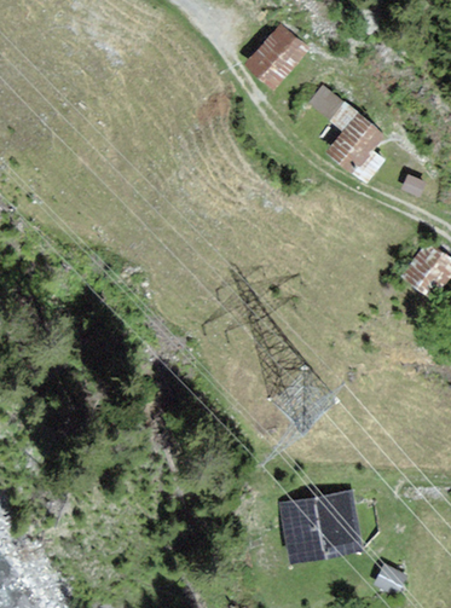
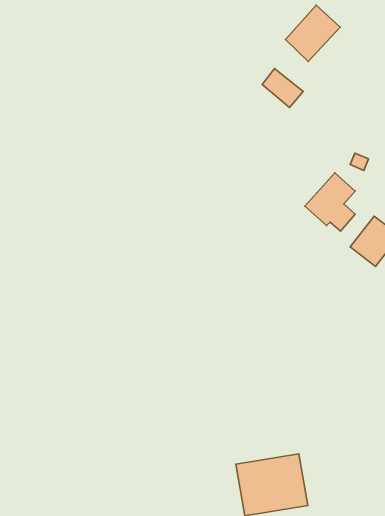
building: [248,24,306,83] -> [285,5,340,61]
building: [328,115,381,176] -> [305,173,355,231]

